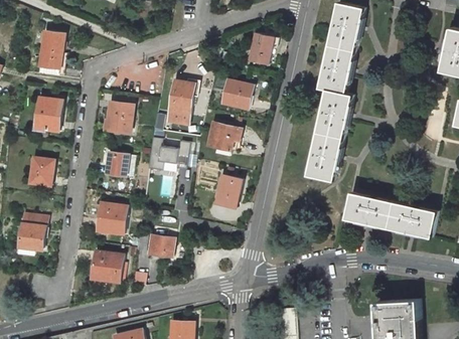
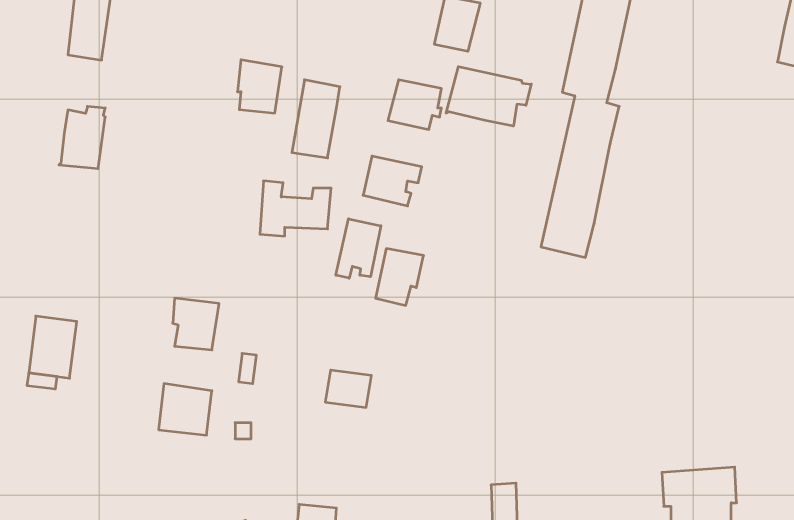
building: none -> [446,67,531,126]
building: [107,103,132,133] -> [237,60,282,113]
building: [105,153,127,176] -> none
building: [29,158,52,186] -> none
building: none -> [336,219,381,278]
building: [346,193,437,237] -> none
building: [148,236,174,258] -> [325,370,371,407]

